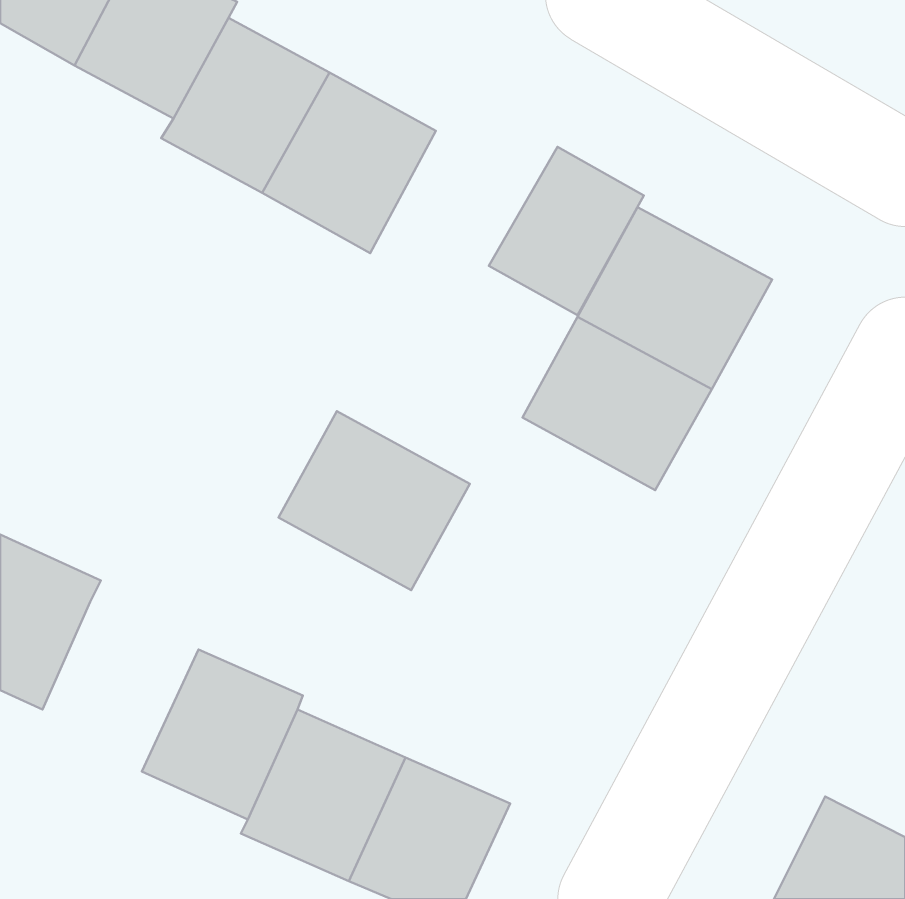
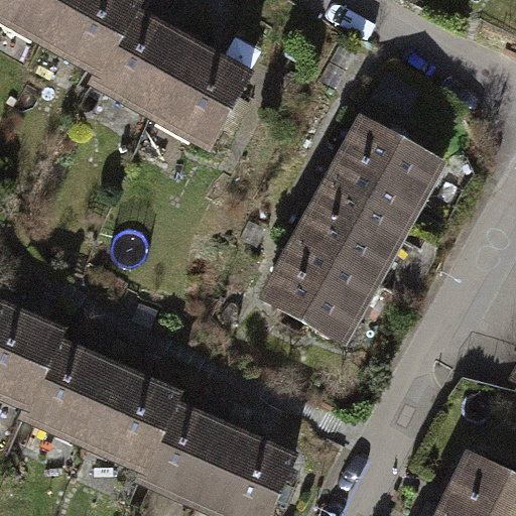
building: [489,147,644,315] -> none
building: [278,411,470,590] -> [264,238,373,340]
building: none -> [20,343,113,439]

